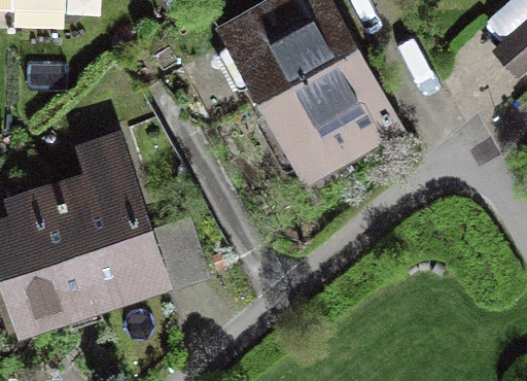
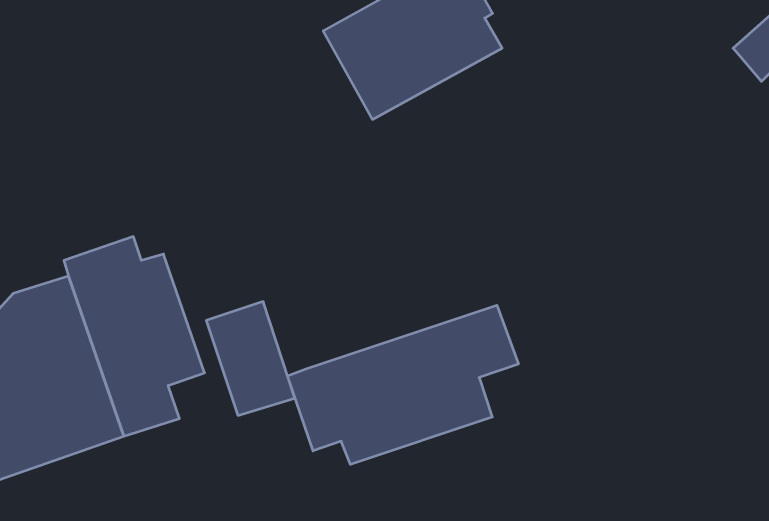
building: [258,51,379,173] -> none
building: none -> [288,305,518,464]

